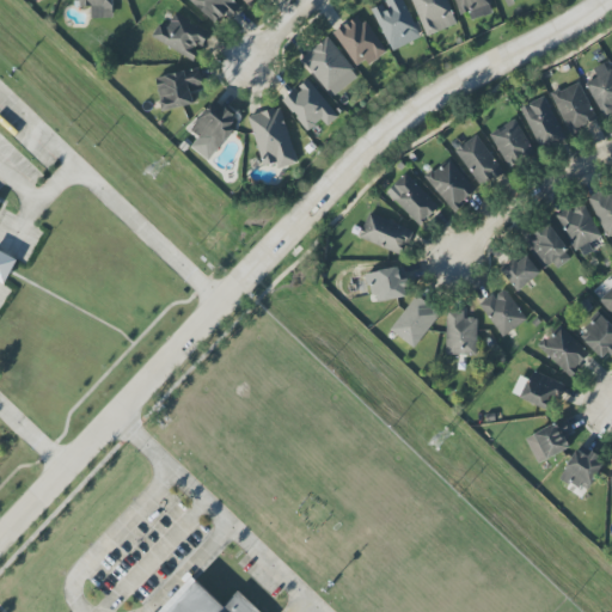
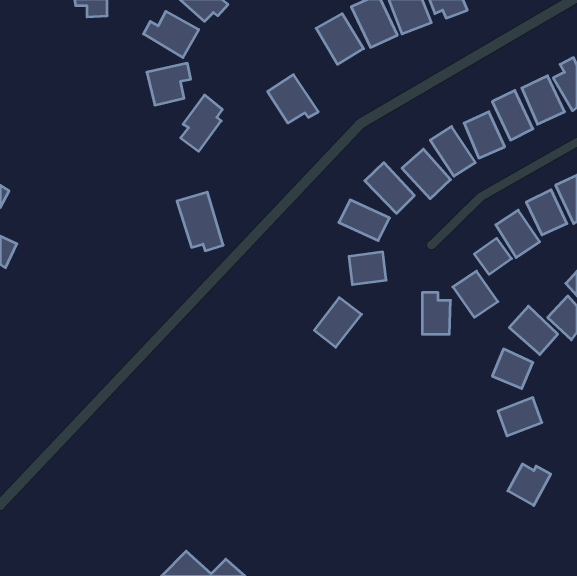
building: [302,37,359,97] -> none
building: [249,106,298,169] -> [177,192,223,251]
building: [391,294,441,347] -> [314,298,362,347]
building: [561,448,606,492] -> [508,464,551,506]

